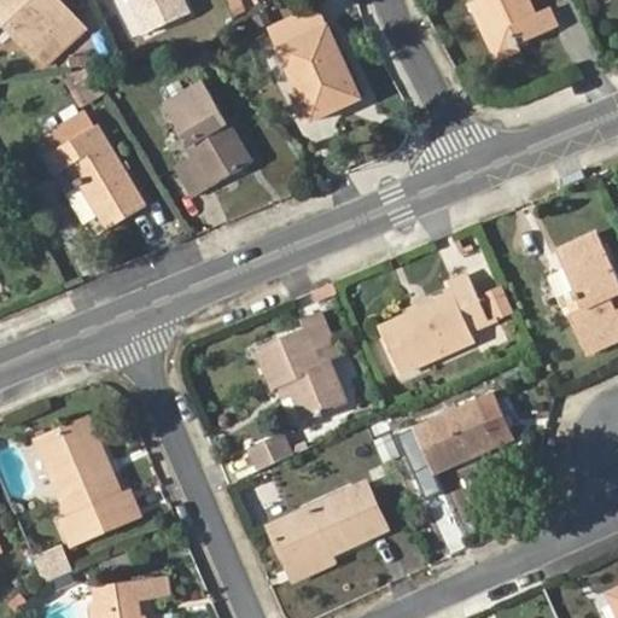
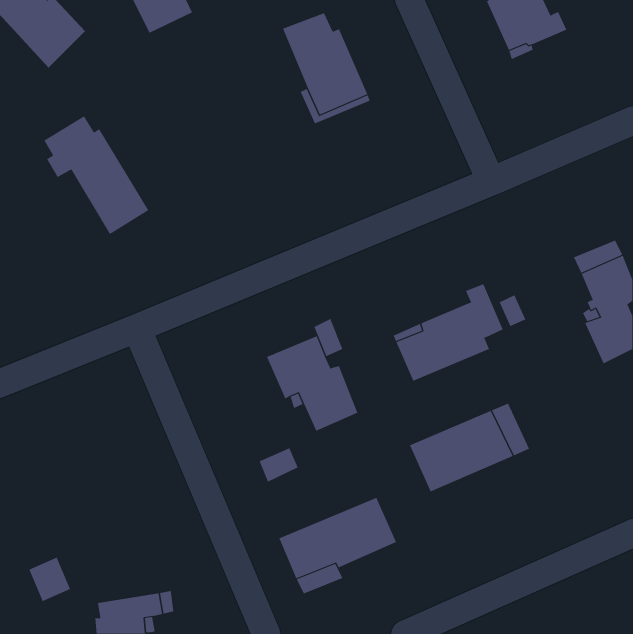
building: [163,82,250,196] -> none
building: [37,418,138,540] -> none

